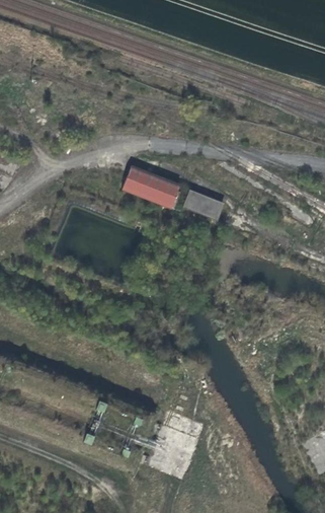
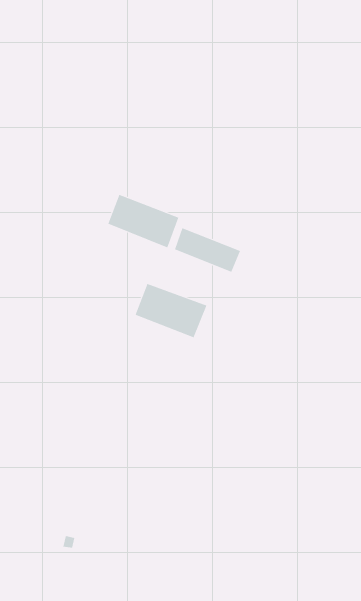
building: none -> [135,283,207,338]

